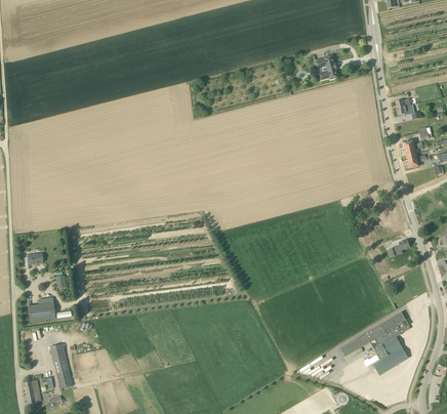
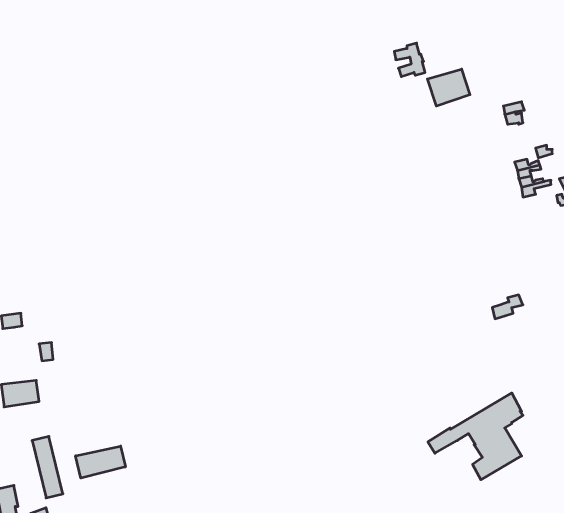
building: none -> [427,69,470,106]
building: none -> [76,446,125,478]

